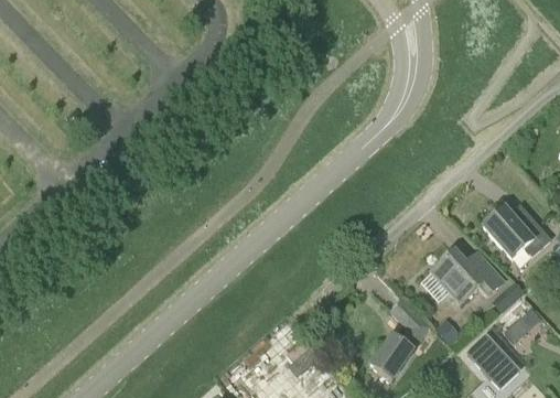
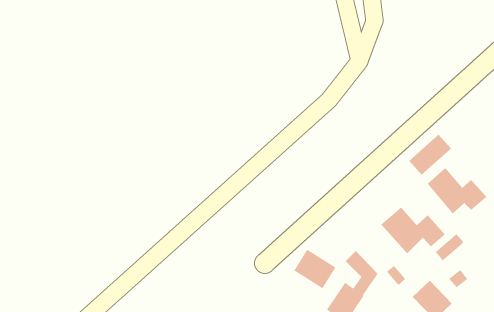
building: none -> [408,134,452,175]
building: none -> [294,249,336,289]

